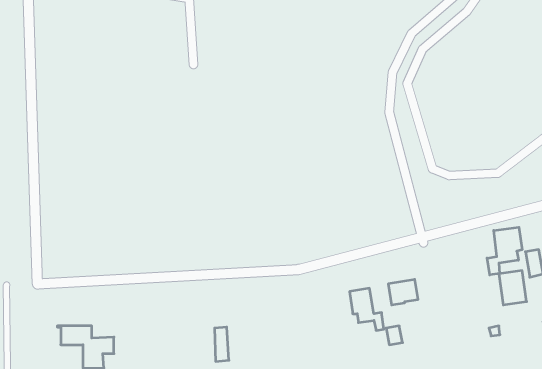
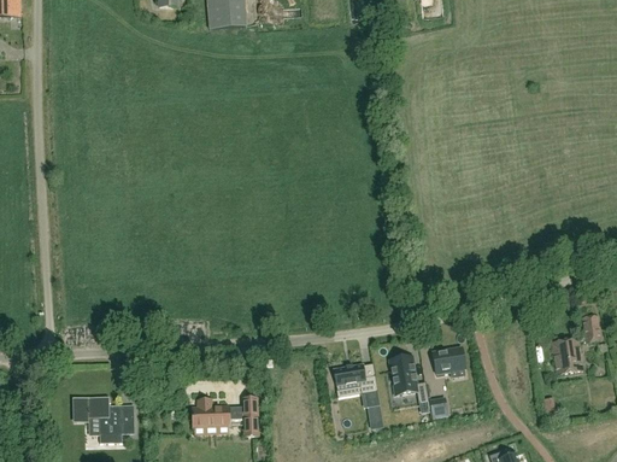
building: [487,227,522,275] -> none
building: none -> [333,364,378,408]
building: none -> [192,400,229,428]

